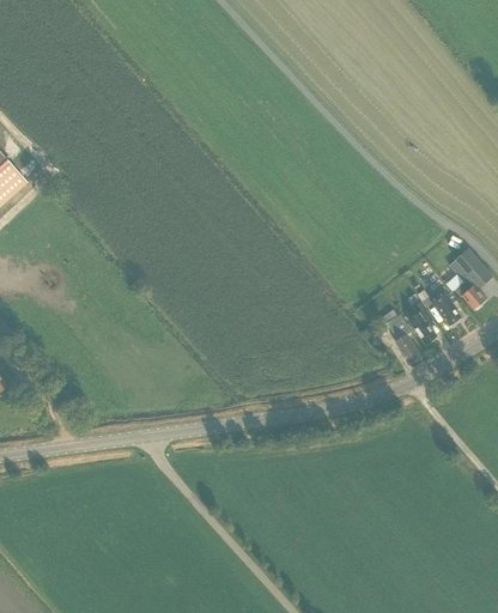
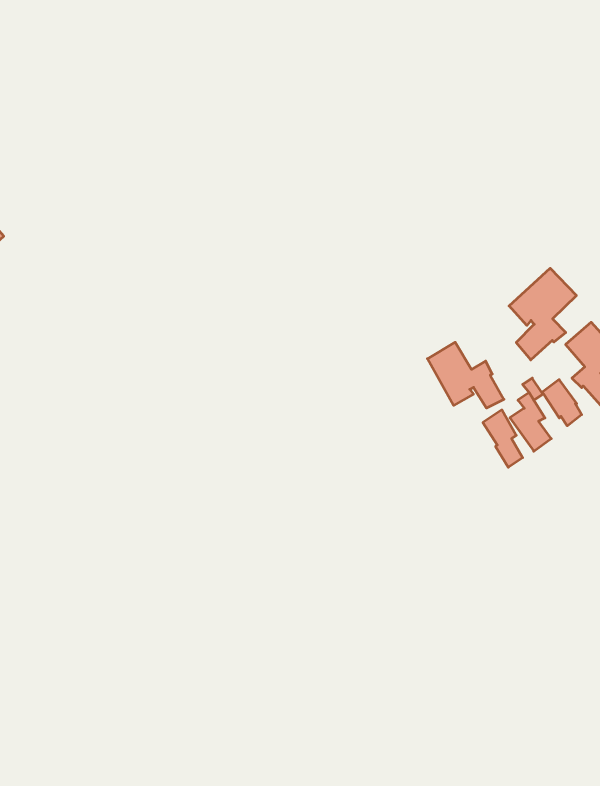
building: none -> [509,268,576,360]
building: none -> [427,342,504,408]

